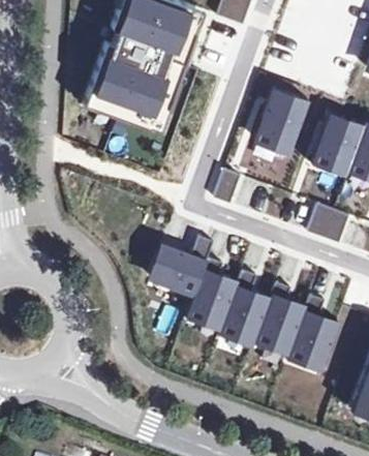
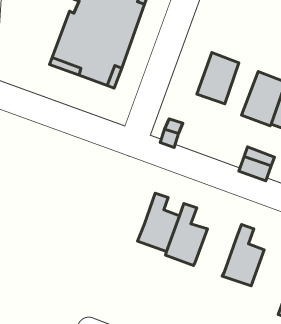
building: [151,235,213,293] -> none
building: [254,281,304,351] -> none

